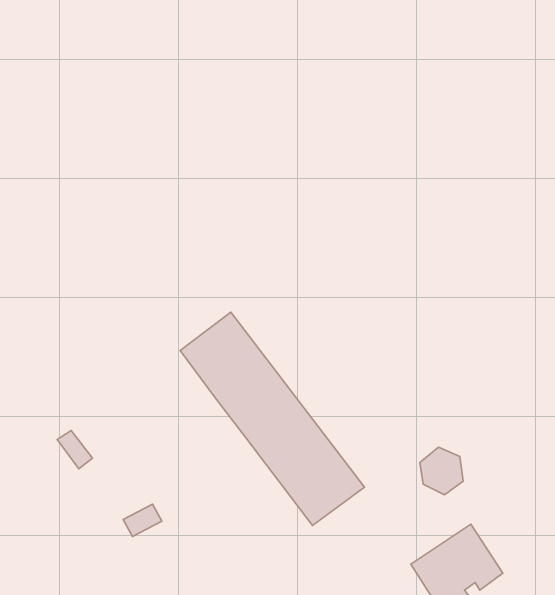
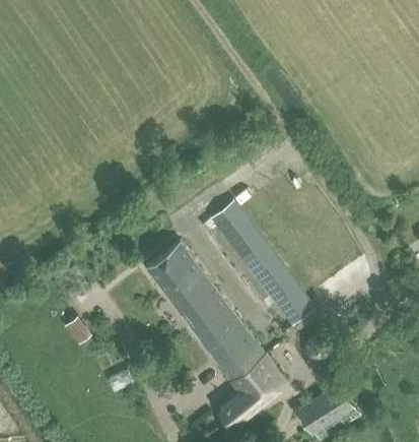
building: none -> [212,202,313,325]
building: none -> [221,359,286,425]

